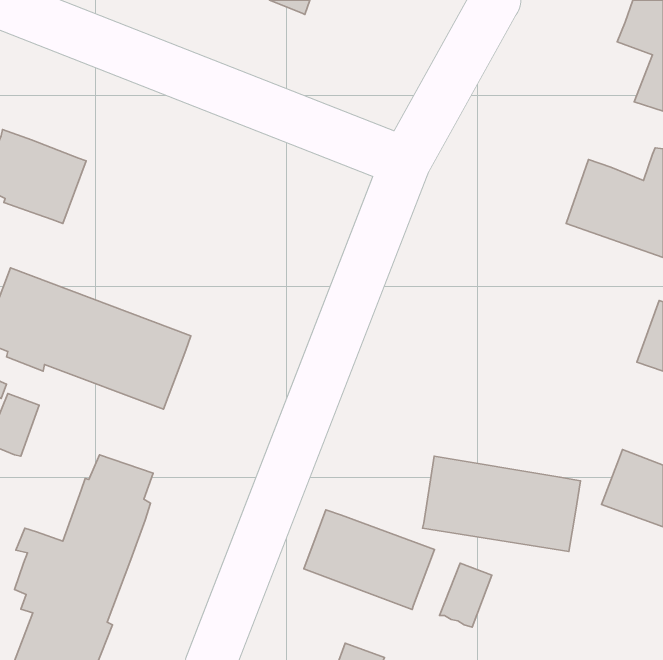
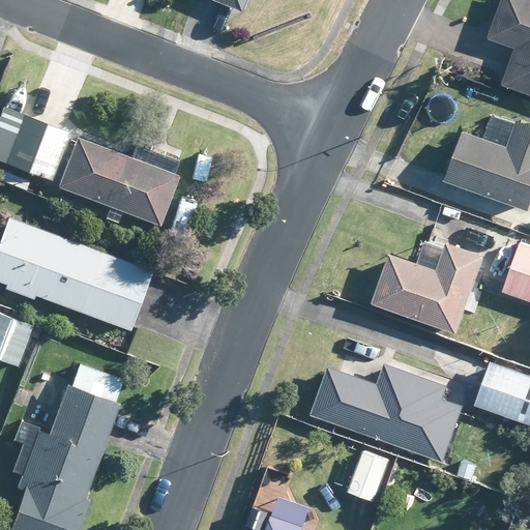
building: none -> [57,137,179,228]
building: none -> [375,241,487,334]
building: [304,510,435,610] -> none

